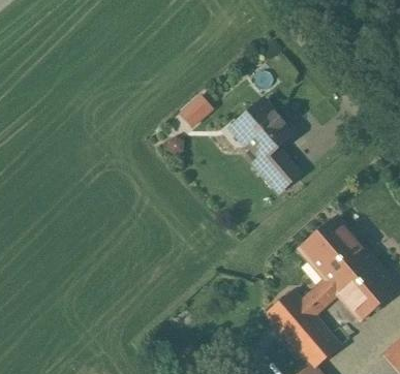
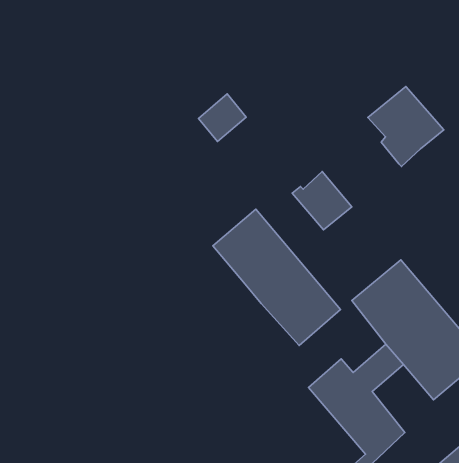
building: [237,99,295,160] -> [368,86,444,167]
building: none -> [213,209,341,345]

